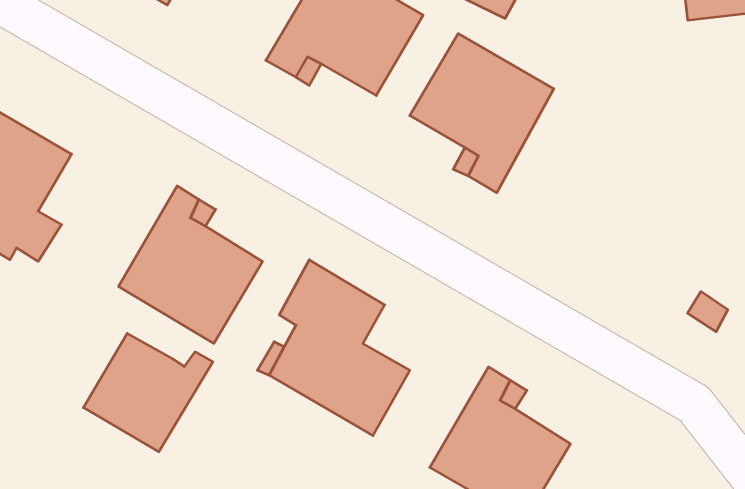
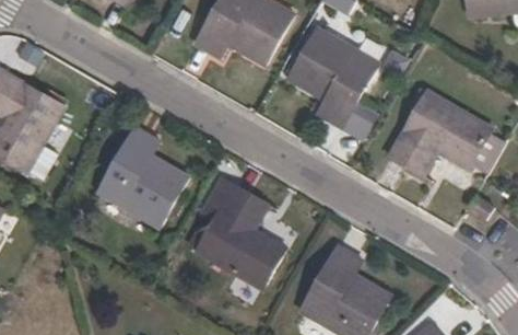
building: none -> [388,89,495,177]
building: [83,333,213,452] -> none

